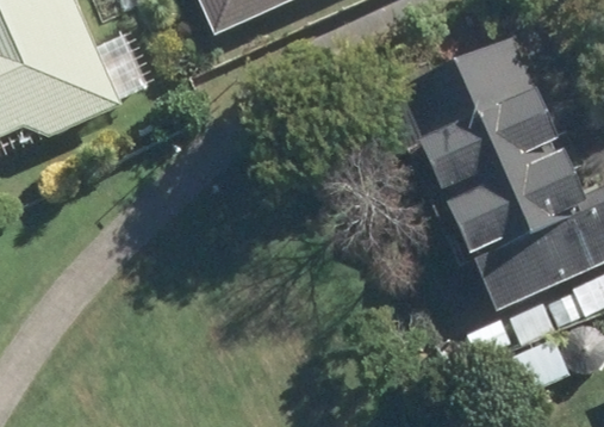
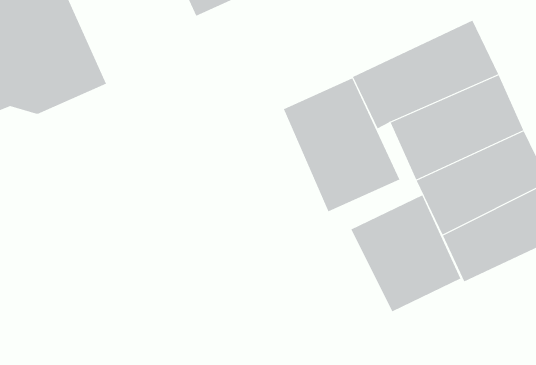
building: none -> [283,78,400,212]
building: none -> [351,195,461,312]

